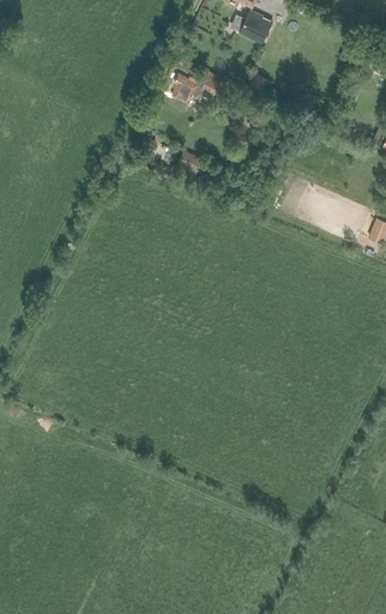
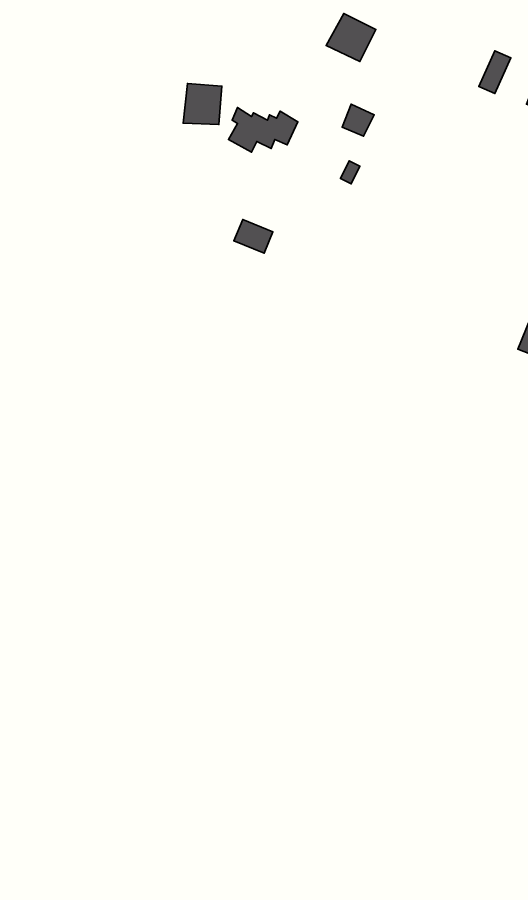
building: none -> [183,83,222,124]

